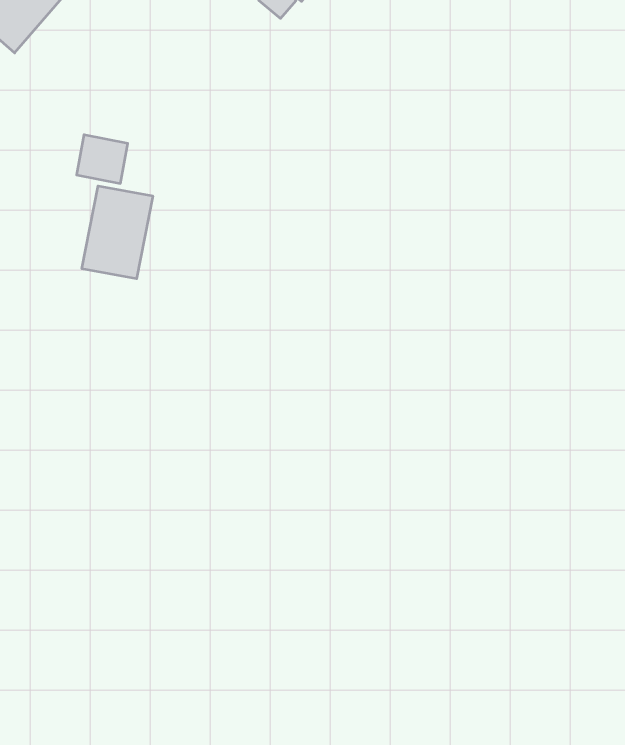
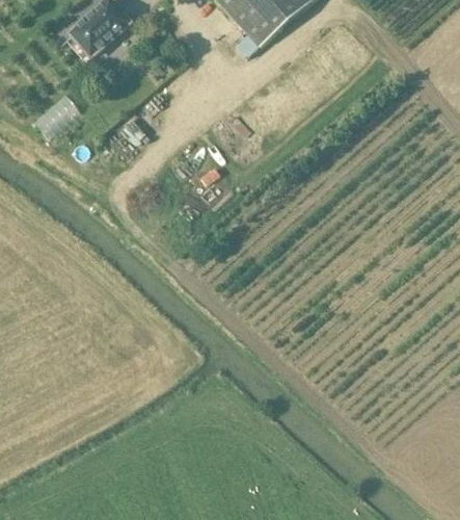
building: [82,186,153,279] -> none

